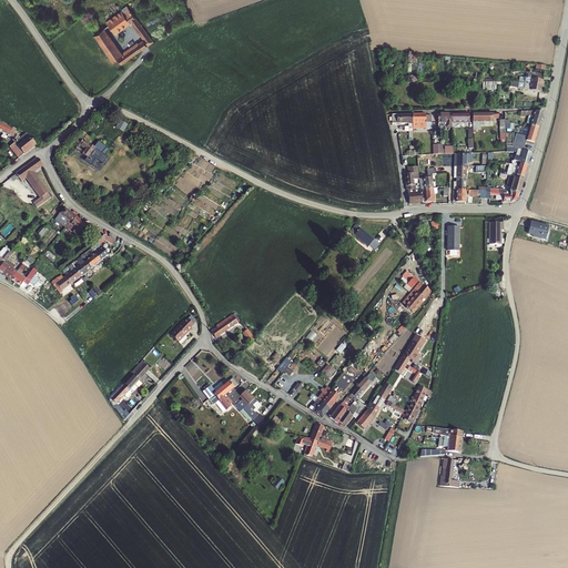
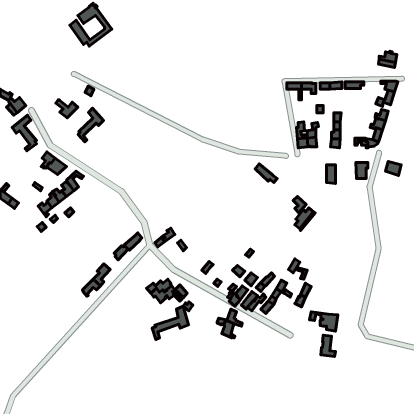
building: none -> [78,108,103,142]
building: none -> [152,306,188,339]

